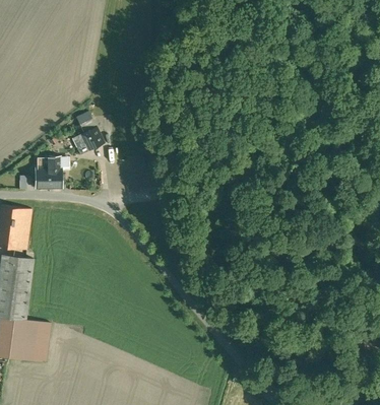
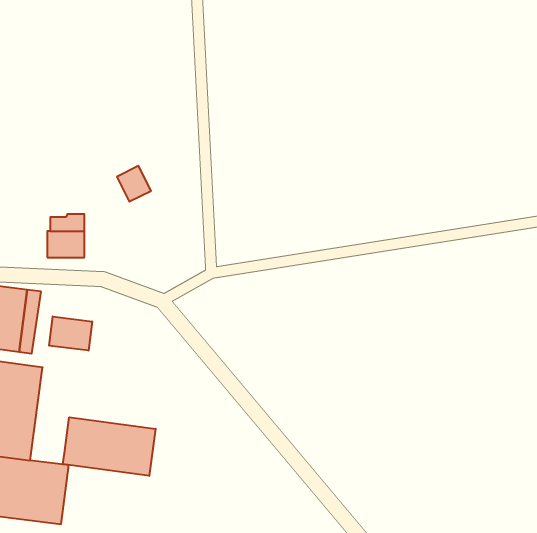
building: none -> [49,316,92,351]
building: none -> [63,417,156,476]

